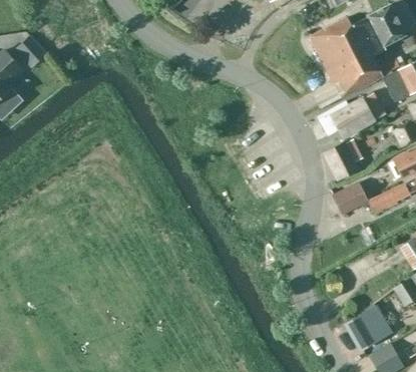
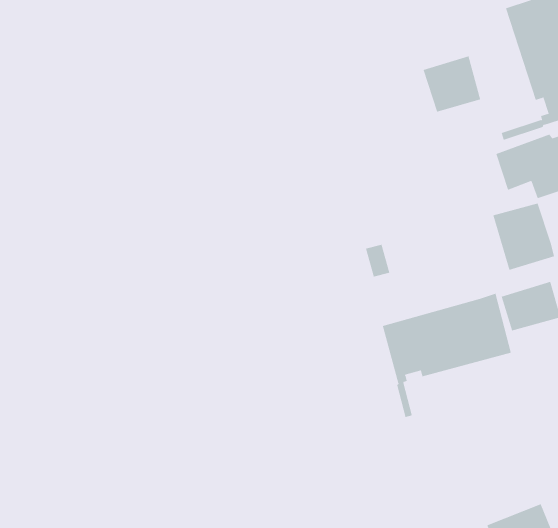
building: none -> [423,55,481,113]
building: none -> [382,293,511,418]

